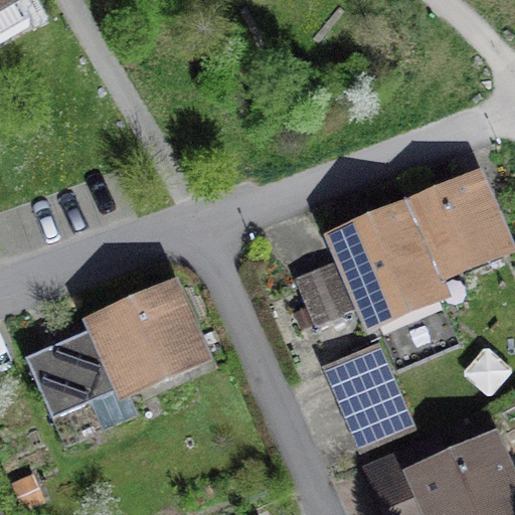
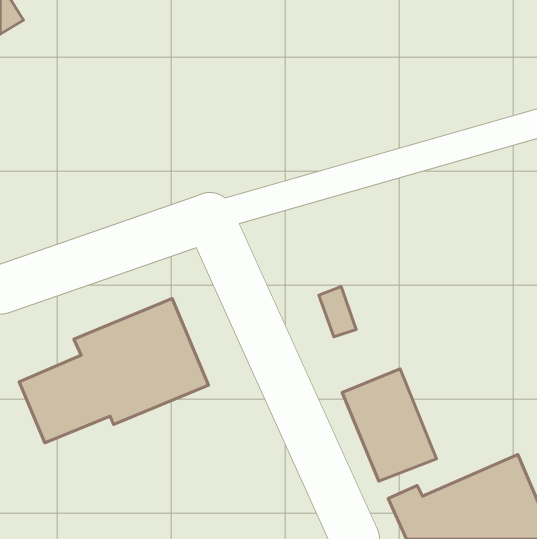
building: [408,169,508,277] -> none
building: [324,199,446,330] -> none

